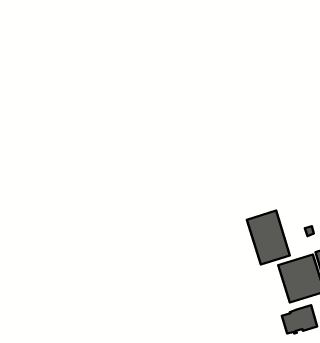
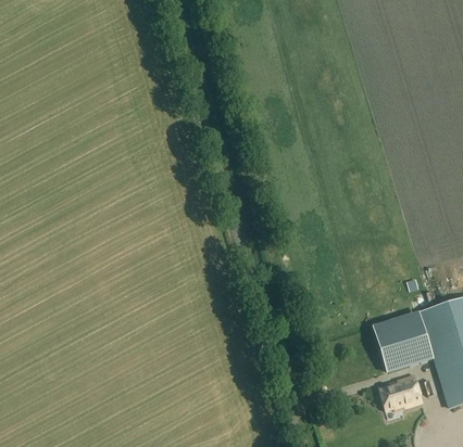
building: [247,211,290,265] -> none

